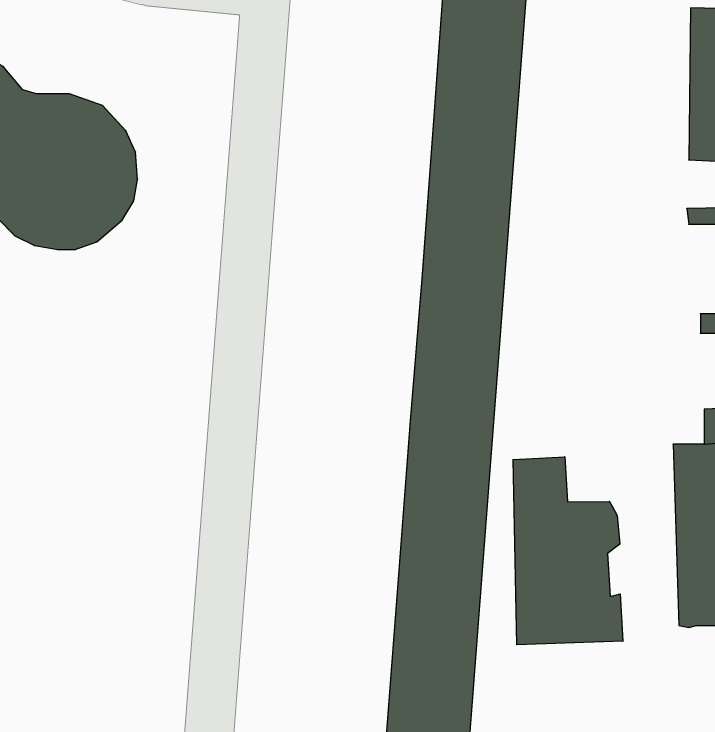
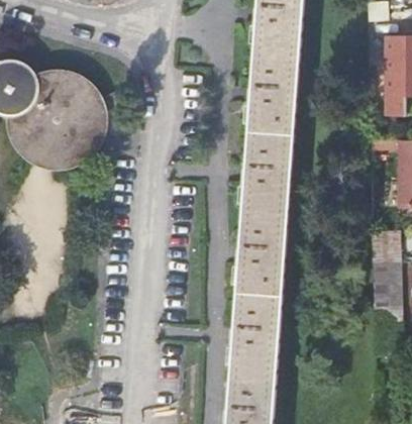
building: [513,457,623,645] -> none

